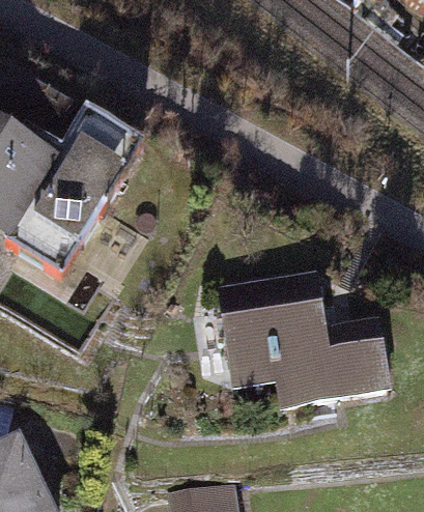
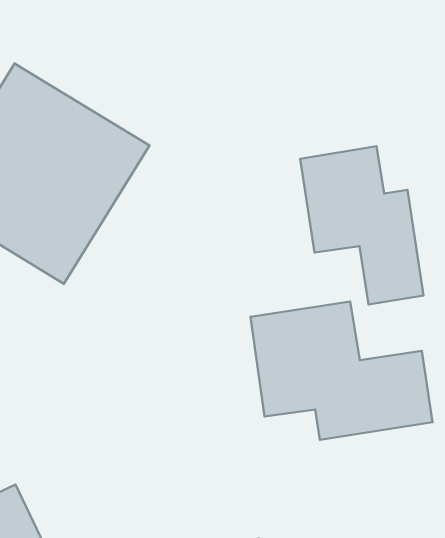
building: none -> [300,146,424,304]

